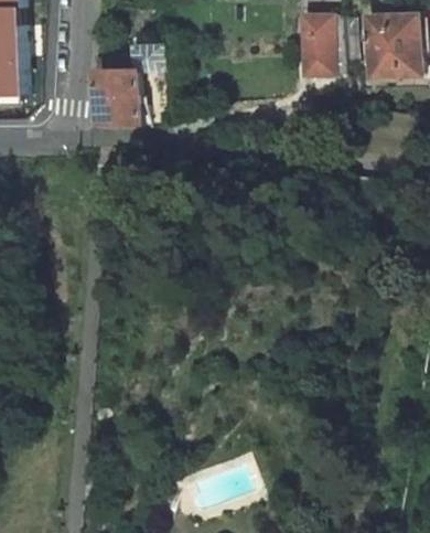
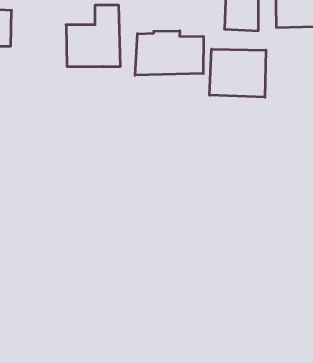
building: none -> [135,31,203,75]
building: none -> [210,49,266,97]

